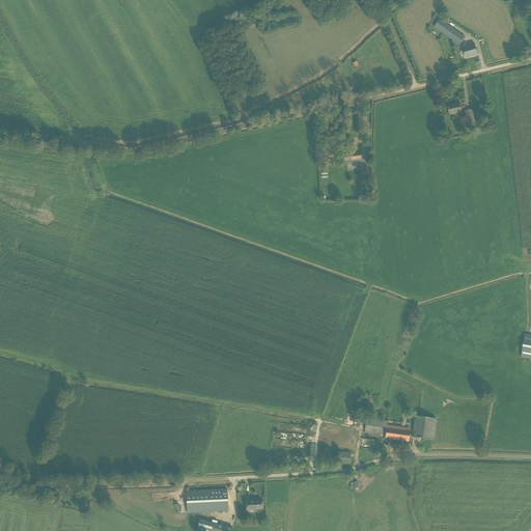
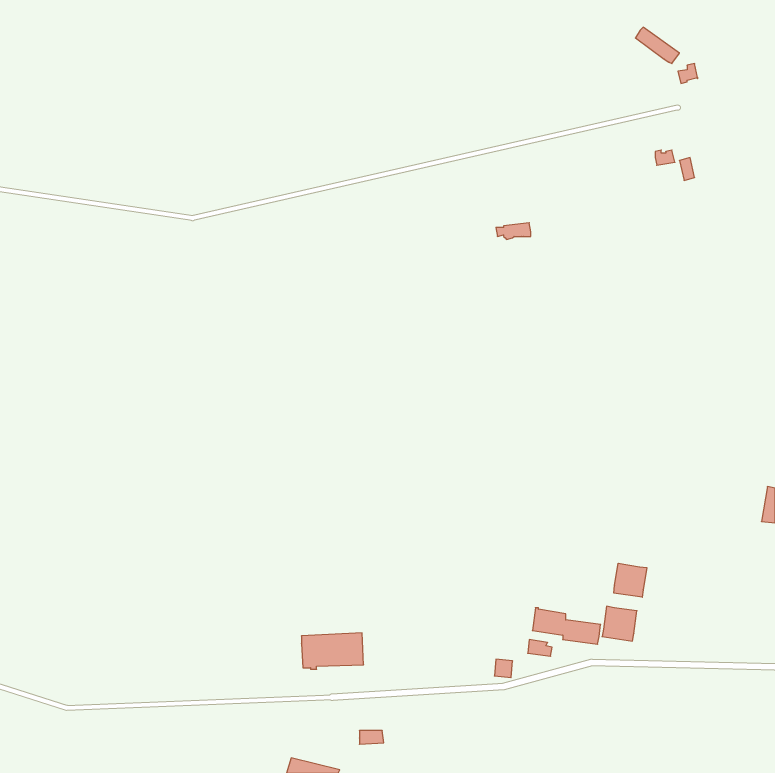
building: none -> [614,563,647,597]
building: [186,488,228,513] -> [301,633,364,669]

